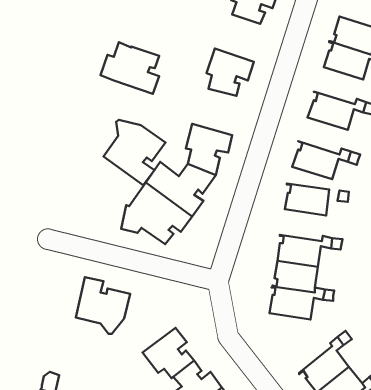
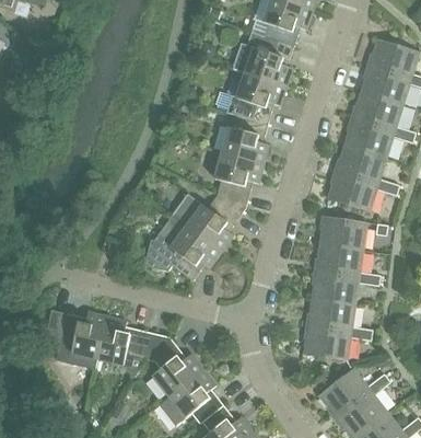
building: [100,42,159,94] -> [229,32,291,87]
building: none -> [349,92,400,131]
building: none -> [219,115,267,164]
building: none -> [331,146,384,185]
building: [103,120,166,185] -> none
building: none -> [312,243,361,277]
building: none -> [54,311,105,368]
building: none -> [147,333,201,395]
building: none -> [316,367,367,417]

